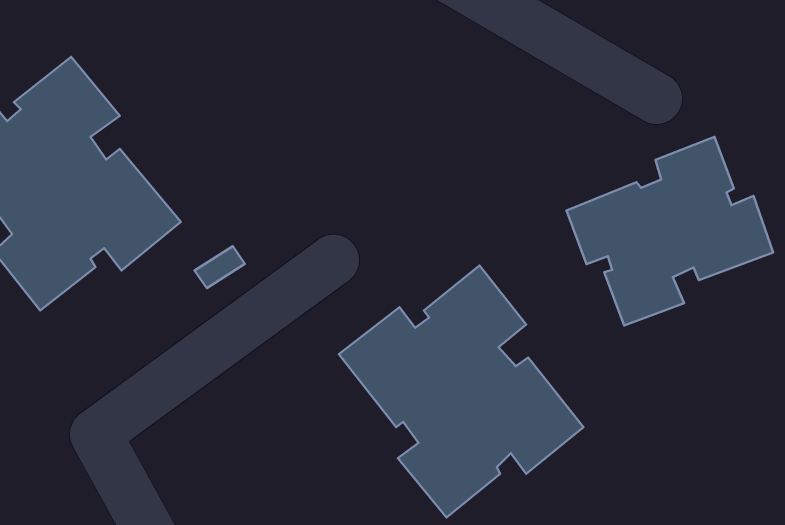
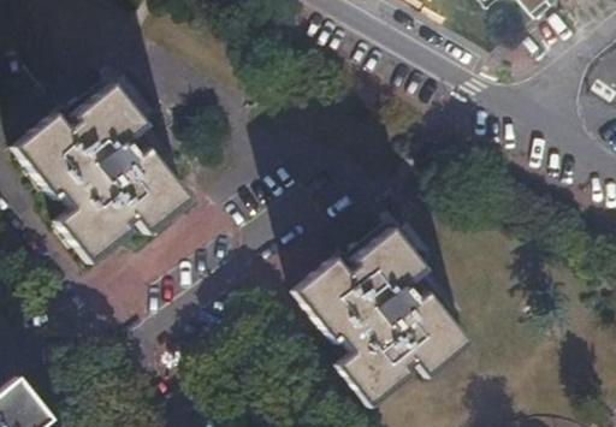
building: [566,137,773,326] -> none

